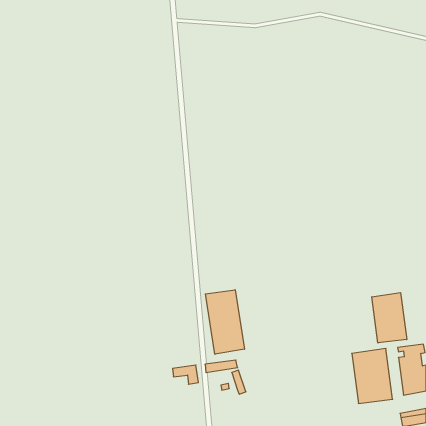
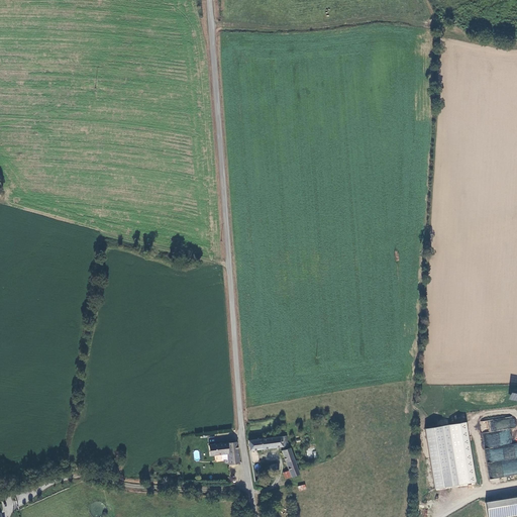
building: [205,290,244,354] -> none
building: [372,293,407,343] -> none

